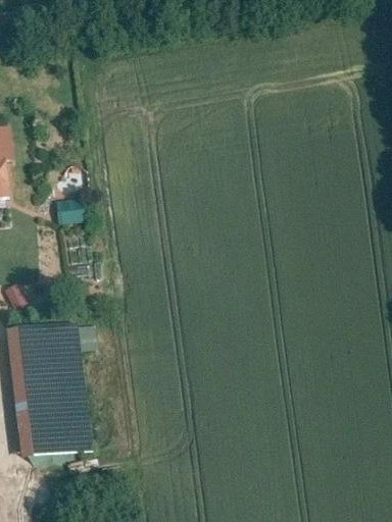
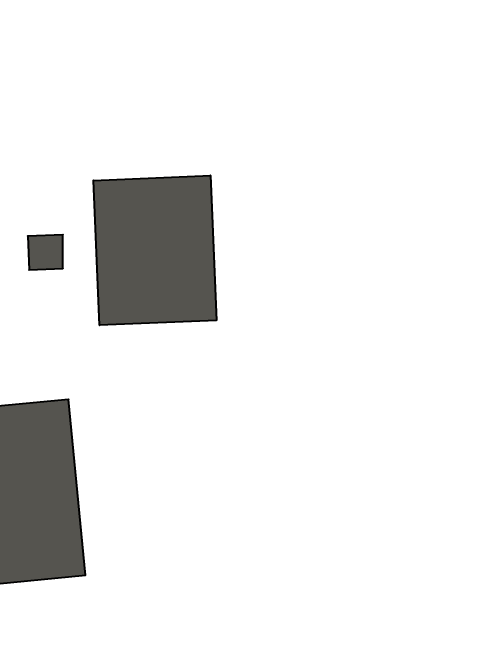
building: none -> [93,175,216,325]

